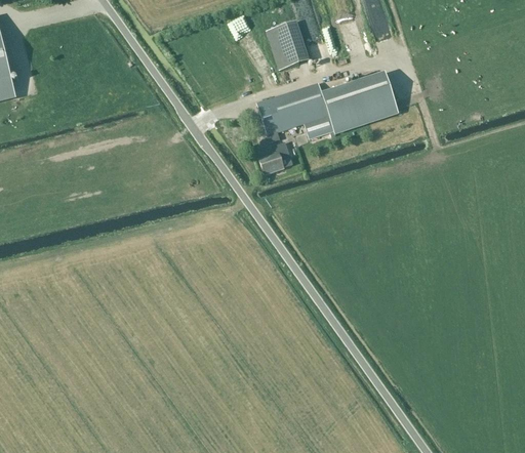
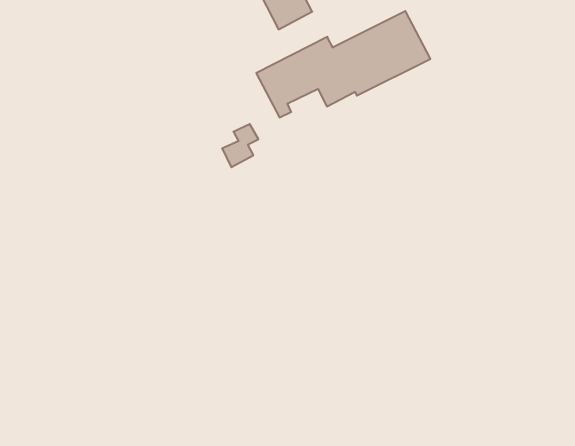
building: [258,141,289,174] -> [222,124,258,167]

